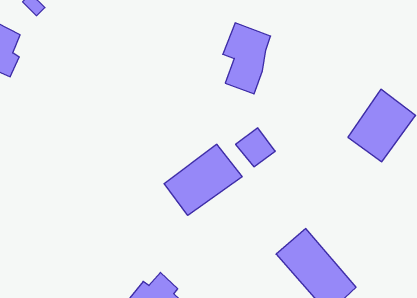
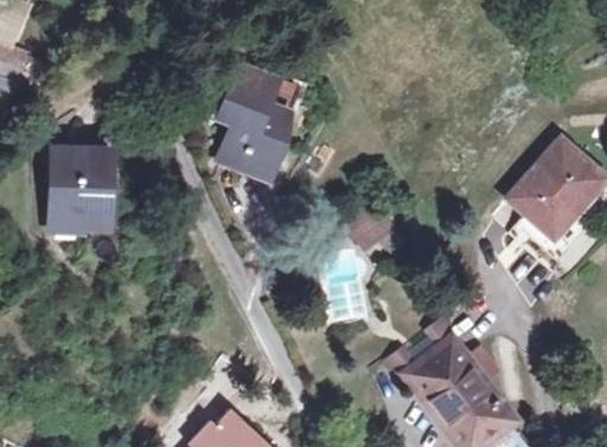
building: [223,23,271,94] -> [226,72,295,174]
building: none -> [58,158,108,230]
building: [164,144,242,215] -> none

